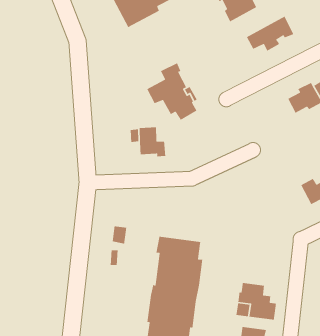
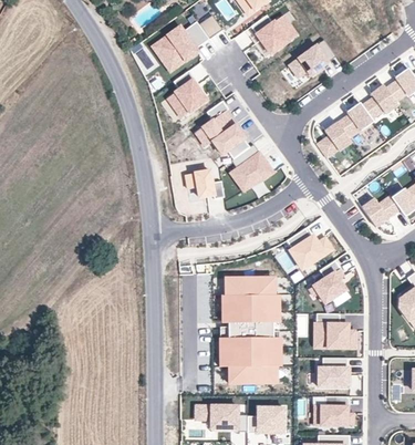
building: none -> [167,71,206,118]
building: none -> [317,123,351,159]
building: none -> [230,144,273,195]
building: none -> [286,228,334,269]
building: none -> [309,260,345,303]

